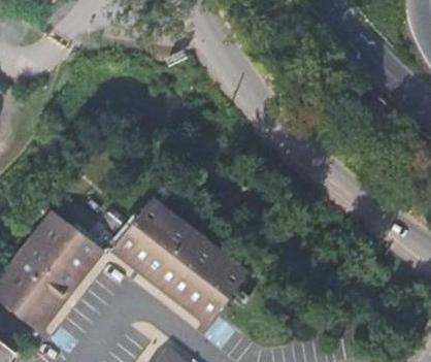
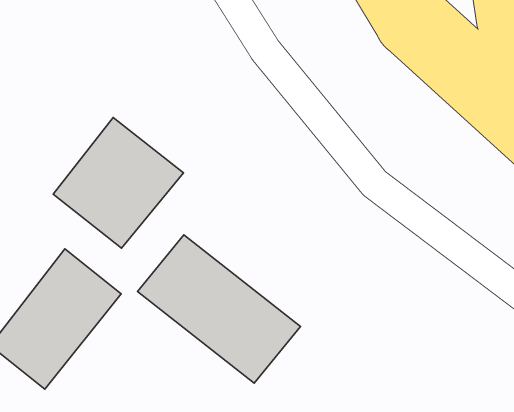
building: none -> [53,117,183,248]

